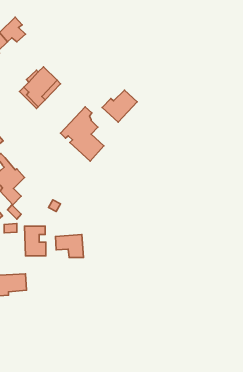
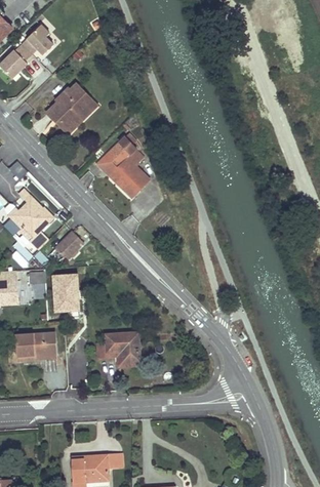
building: [102,90,137,122] -> none
building: none -> [56,231,84,258]
building: [55,235,84,258] -> [106,332,139,360]

